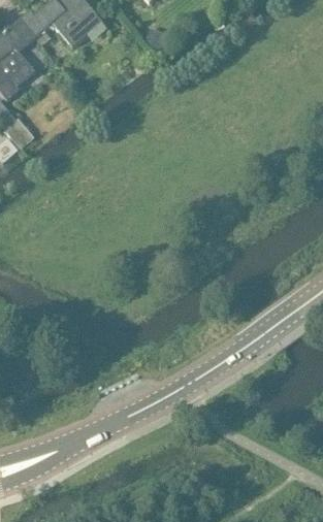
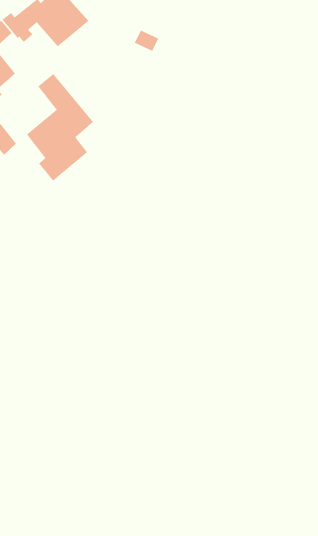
building: none -> [26,73,94,182]

